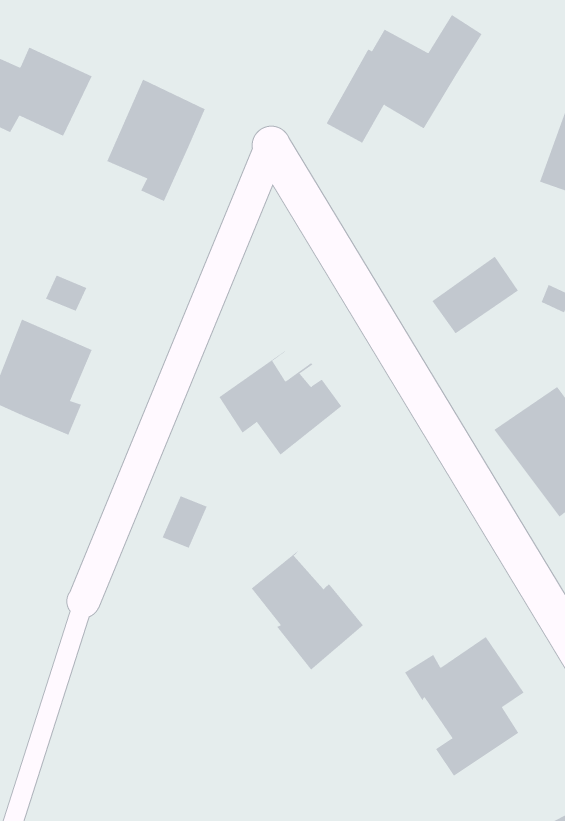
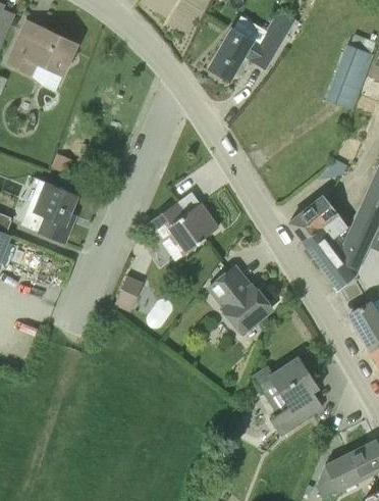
building: [106,79,206,202] -> none
building: [431,256,519,334] -> [289,197,338,241]
building: [251,550,364,671] -> [209,266,272,334]

